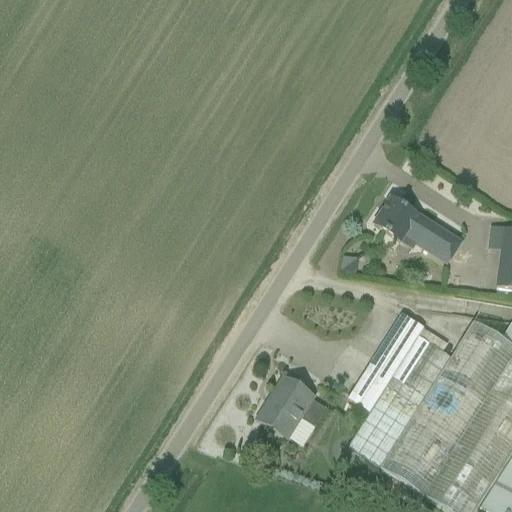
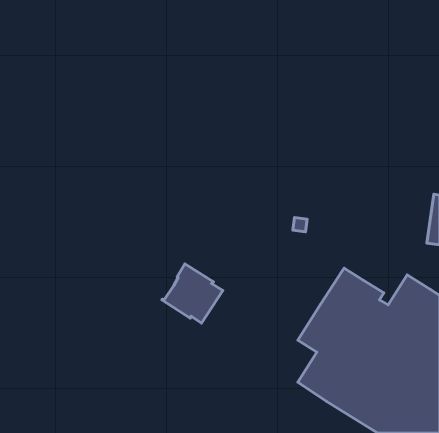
building: [374,195,461,262] -> none
building: [256,375,327,444] -> [162,264,223,323]

